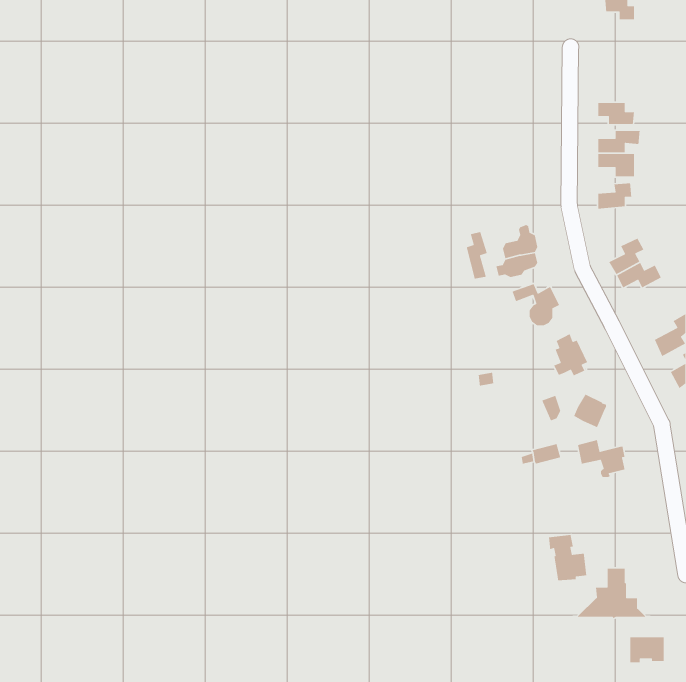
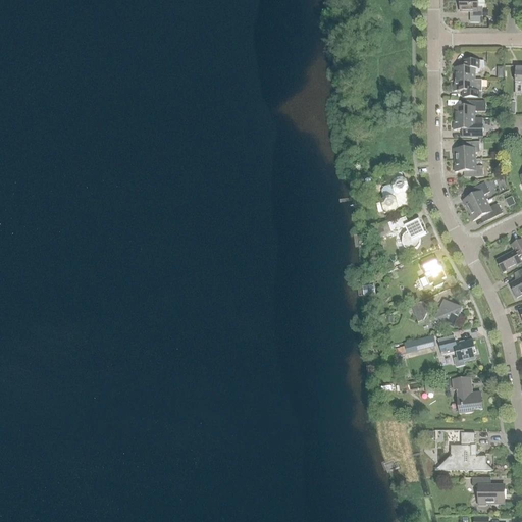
building: none -> [454,58,484,77]
building: none -> [454,157,483,175]
building: [466,231,488,280] -> none
building: [548,534,587,581] -> [453,376,482,412]

